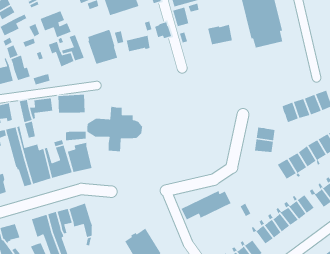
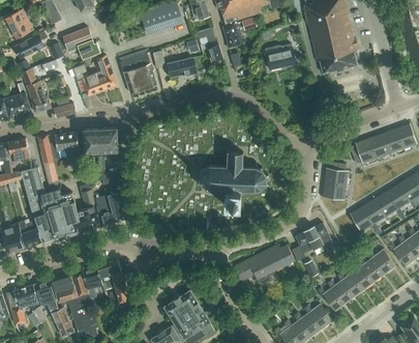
building: [86,106,145,152] -> [199,151,269,207]
building: none -> [19,221,43,248]
building: none -> [296,223,331,254]
building: none -> [35,280,58,313]

